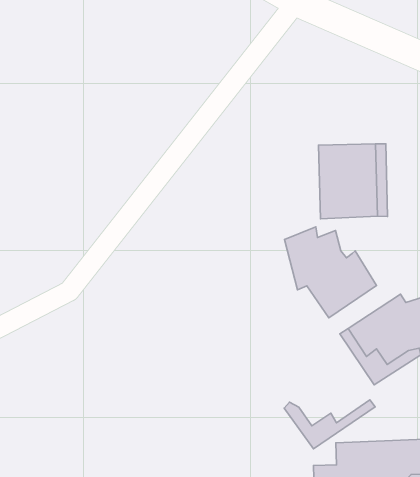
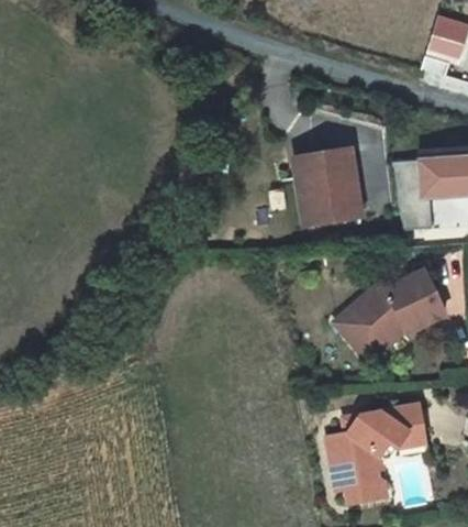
building: [284,227,377,318] -> none
building: [284,400,375,449] -> none

